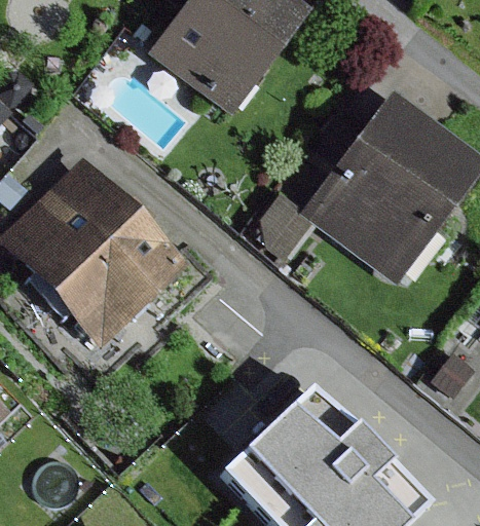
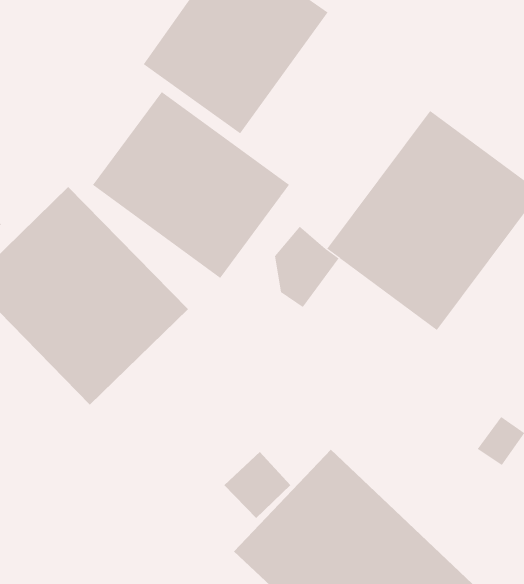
building: none -> [92,91,290,279]

